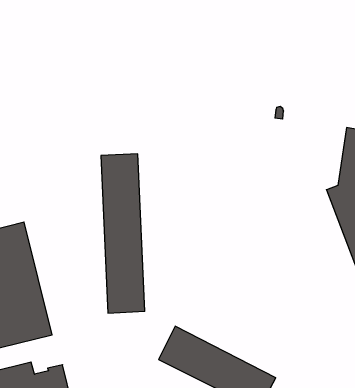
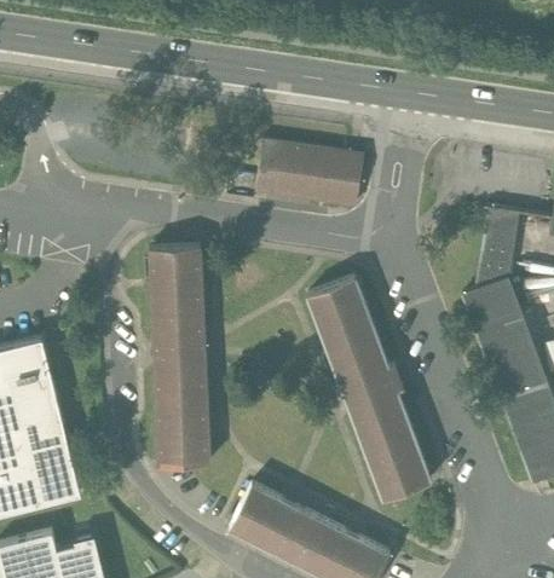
building: none -> [256,140,362,203]
building: none -> [308,277,432,499]

